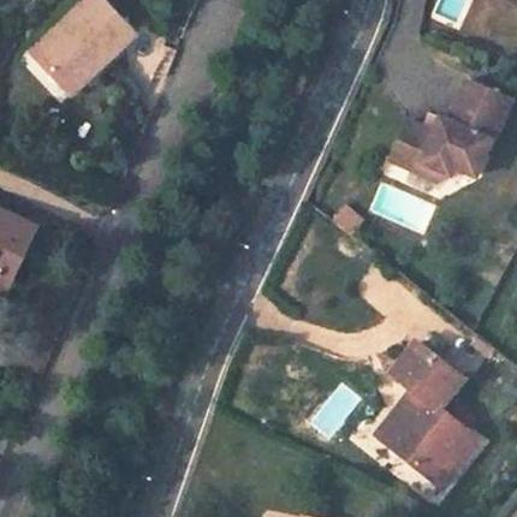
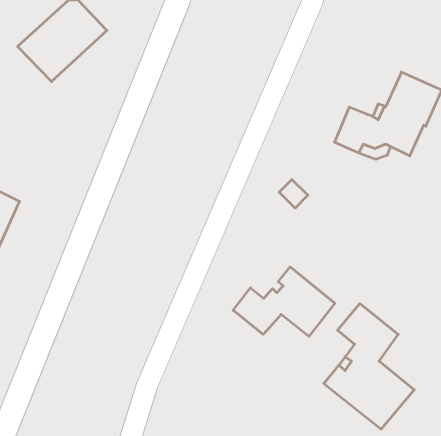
building: none -> [233,267,335,336]

